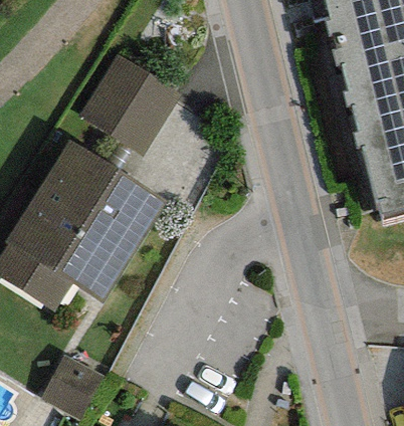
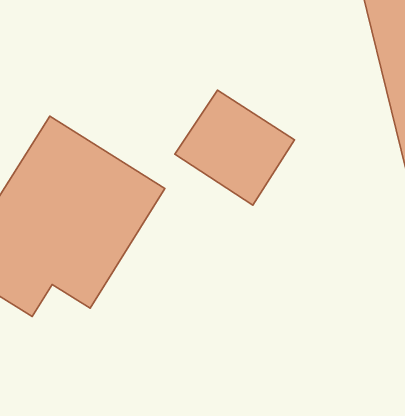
building: [78,56,180,154] -> [175,90,294,205]

